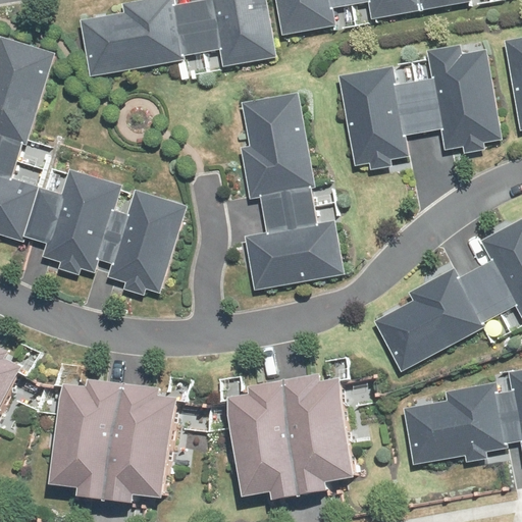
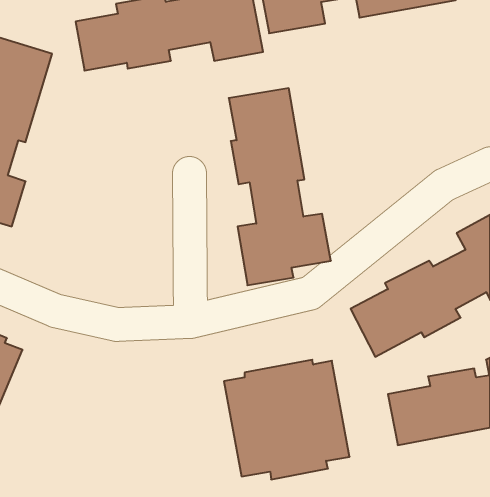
building: [336,45,501,170] -> none
building: [25,169,185,294] -> none
building: [56,381,180,503] -> none

